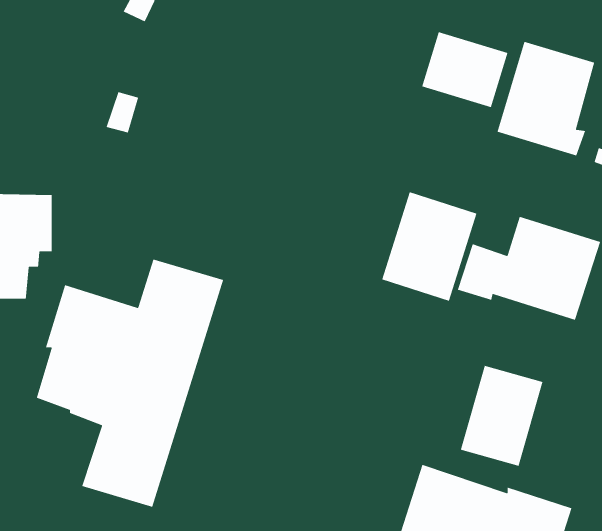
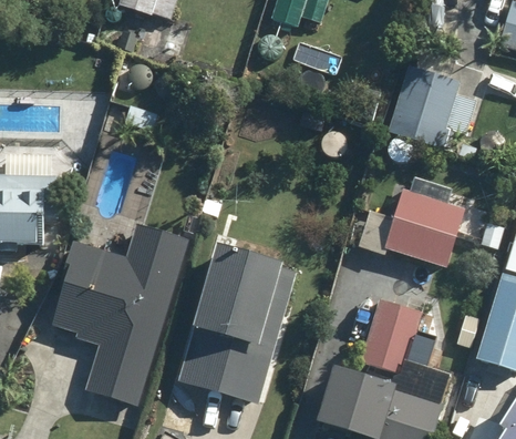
building: [421,31,509,108] -> none
building: [381,191,477,302] -> none
building: none -> [177,246,296,401]

